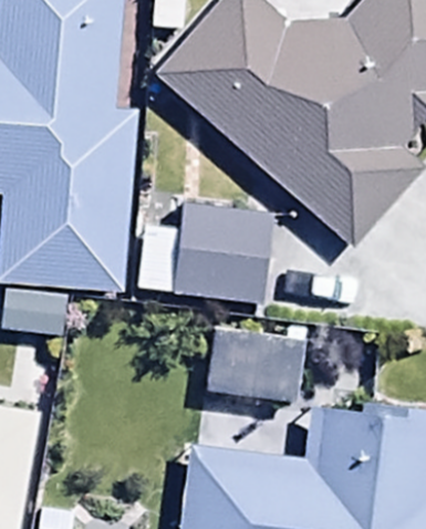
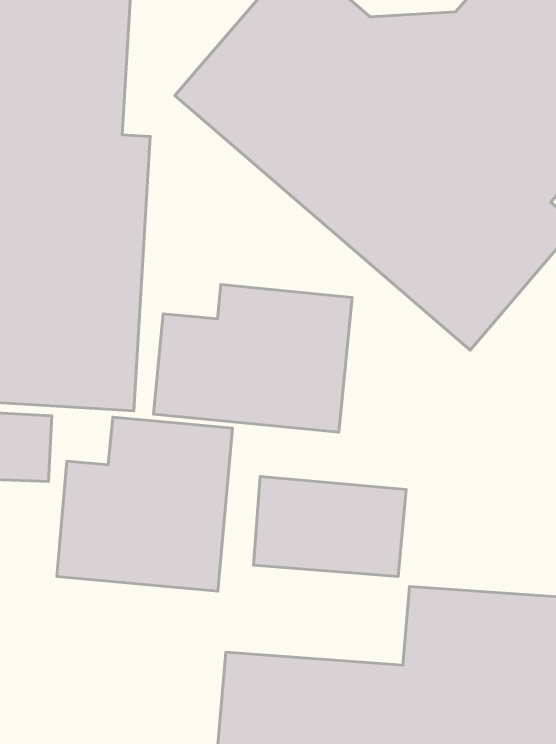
building: none -> [57,417,233,591]

